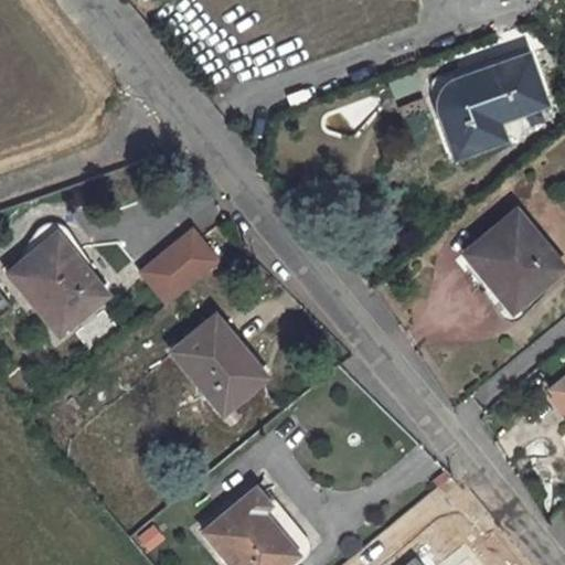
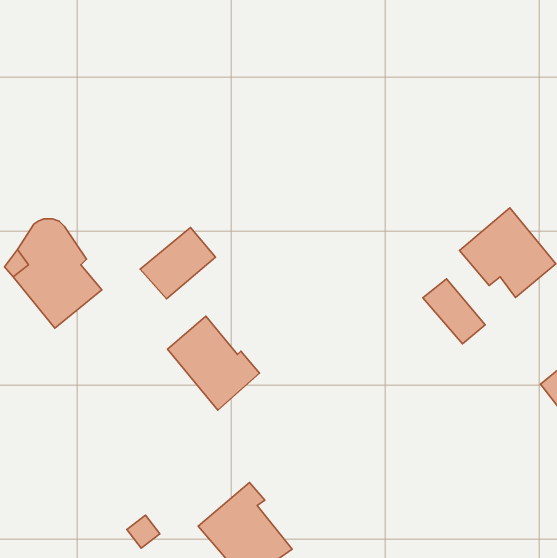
building: [451,54,546,152] -> none
building: none -> [423,279,485,344]

